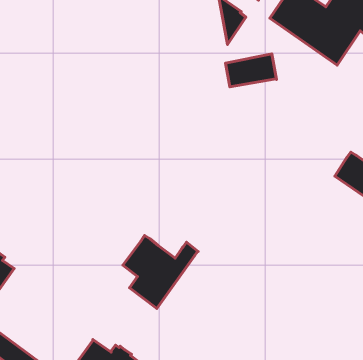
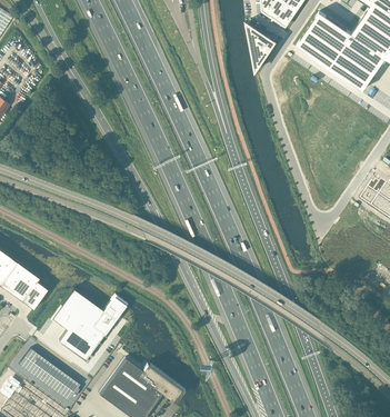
building: [226,54,277,87] -> none
building: [123,235,198,309] -> [52,289,126,360]

